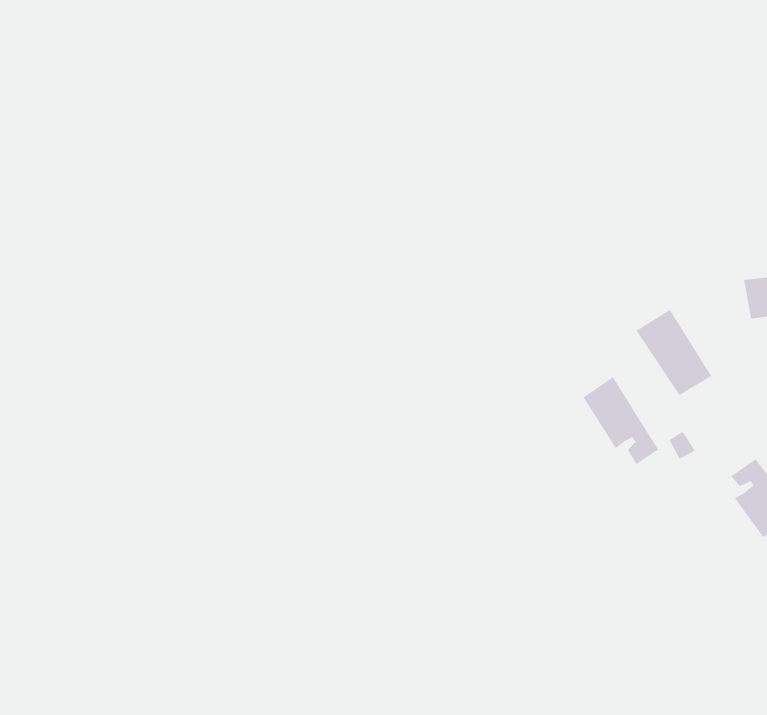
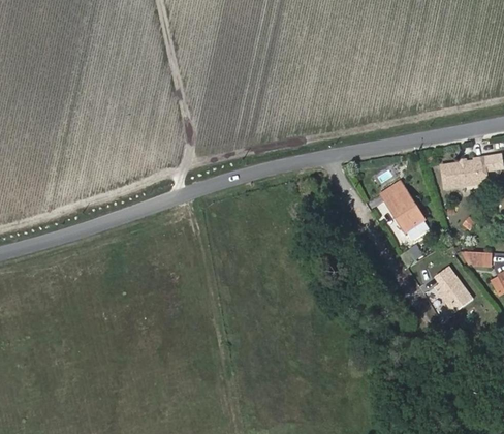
building: [583,376,659,465] -> none

